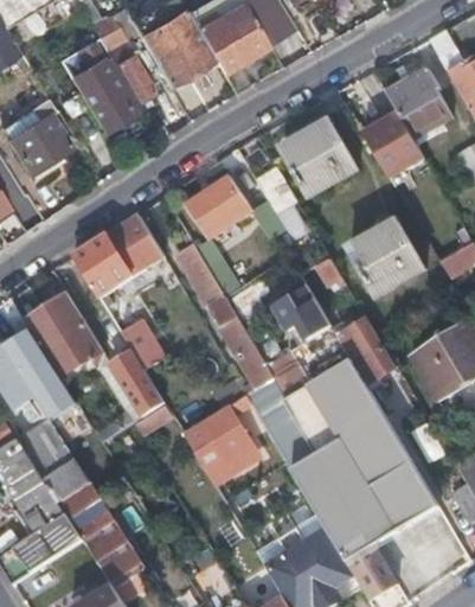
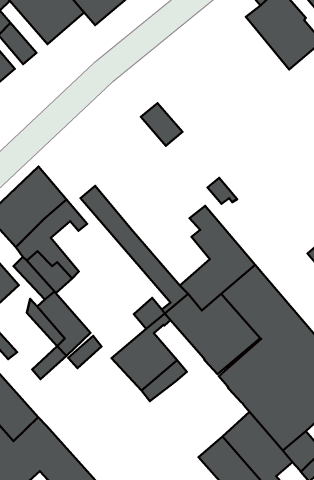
building: [364,107,425,179] -> none
building: [285,123,360,199] -> none
building: [186,175,253,238] -> none
building: [349,222,424,298] -> none
building: [339,321,391,379] -> none

